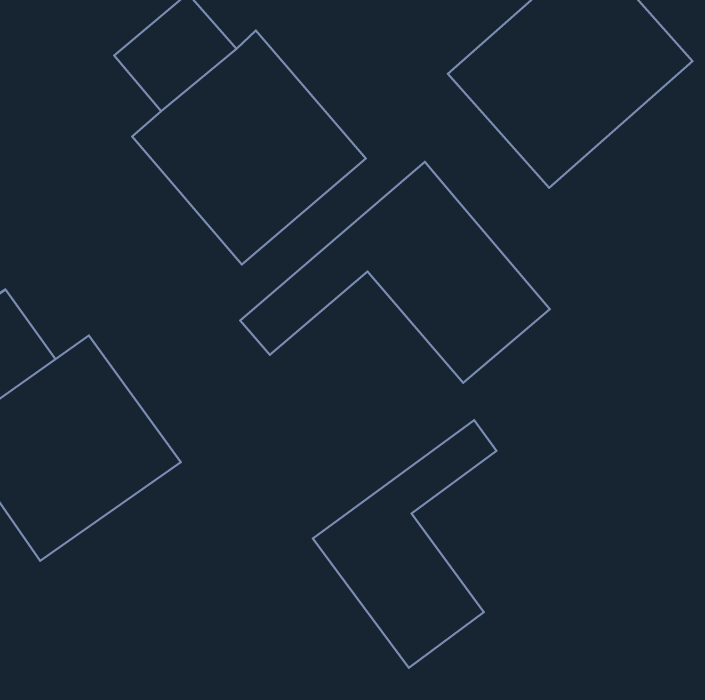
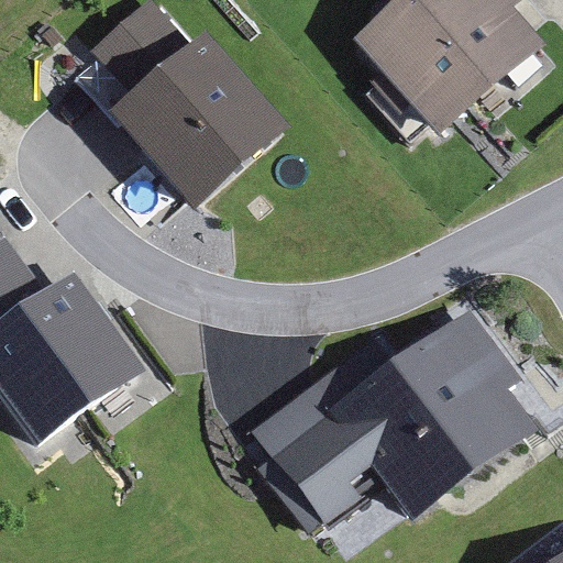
building: [240,162,550,383] -> none
building: none -> [325,305,548,519]

